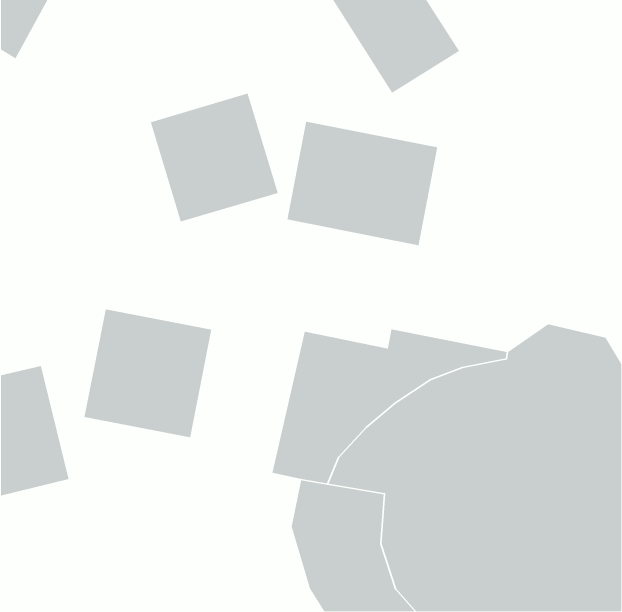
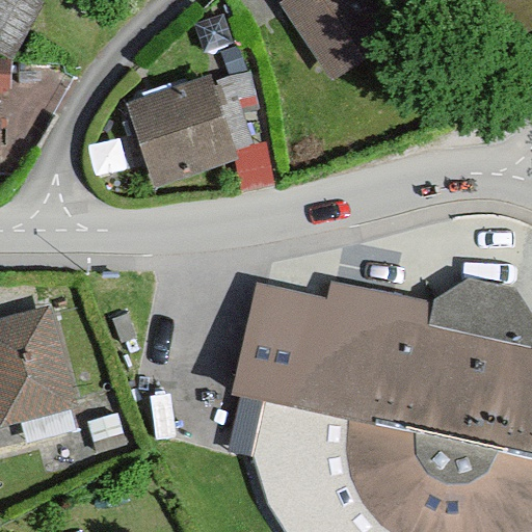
building: [287,121,438,246] -> none
building: [84,308,212,438] -> none

